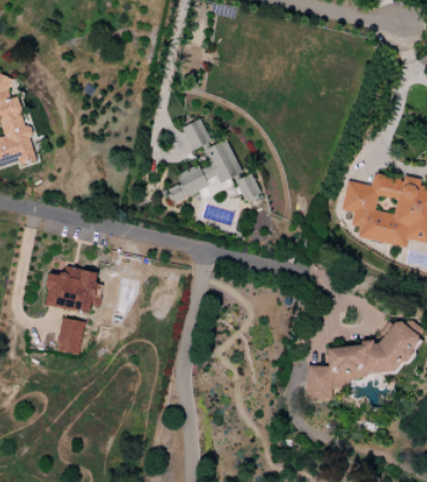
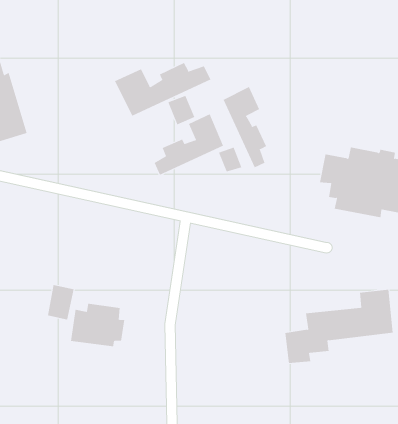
building: none -> [114,62,211,117]
building: none -> [223,86,267,168]
building: [44,266,102,312] -> [70,303,125,347]

